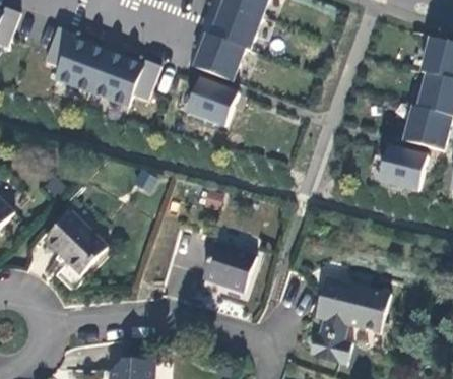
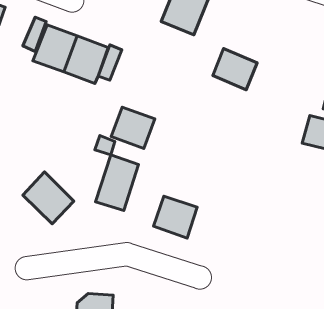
building: [193,31,247,81] -> [213,49,257,90]
building: [187,77,240,127] -> [111,107,155,148]
building: none -> [96,155,139,211]
building: [303,261,387,343] -> none

